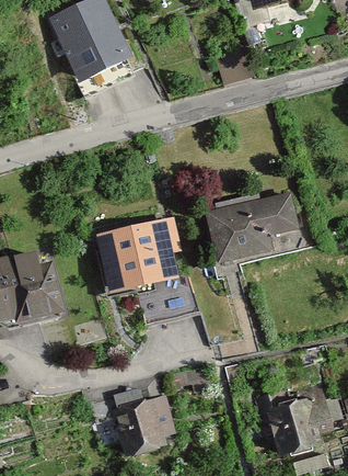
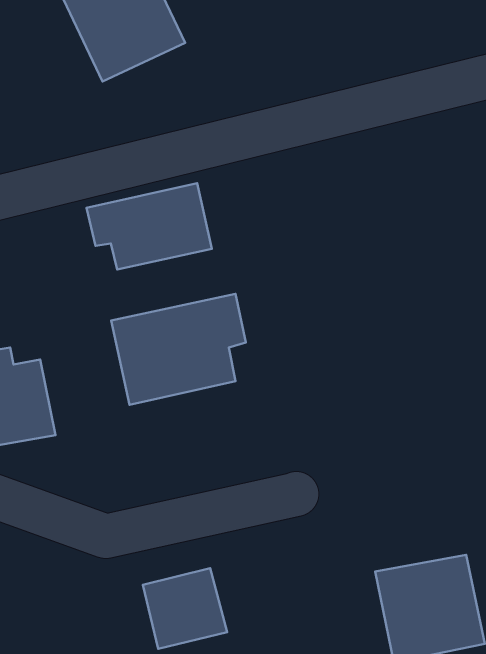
building: none -> [86,183,212,269]
building: [204,191,298,263] -> none

